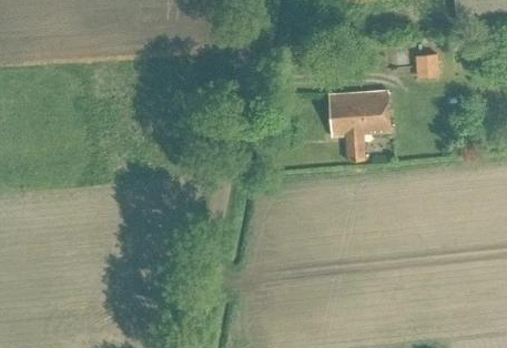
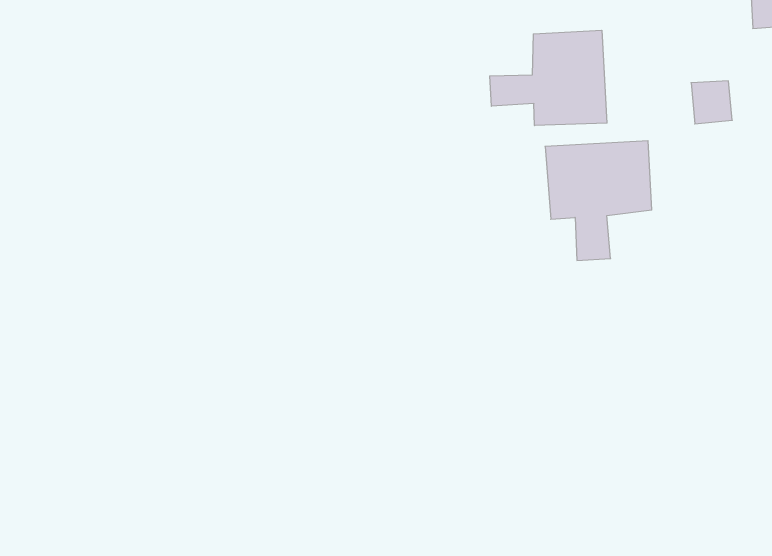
building: none -> [490,30,607,126]

